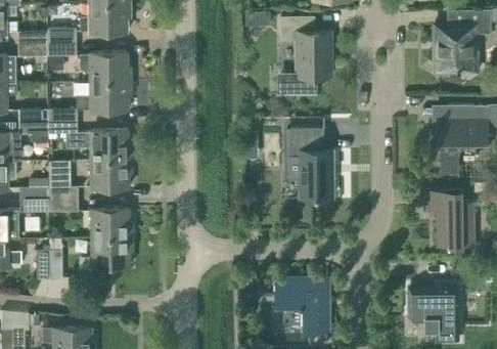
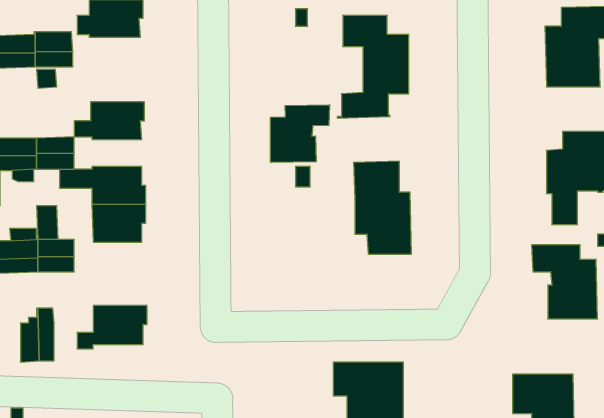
building: [79,52,130,83] -> none
building: none -> [271,105,330,163]
building: [91,210,132,237] -> none

